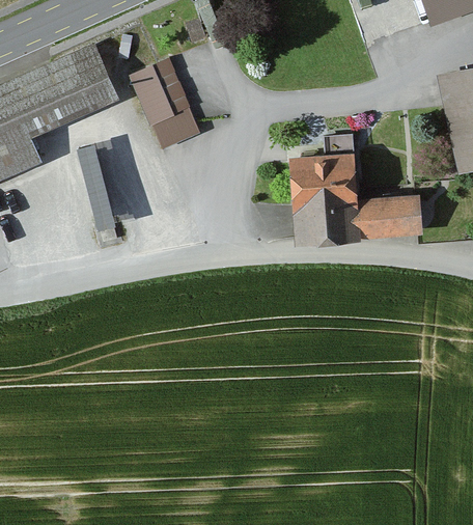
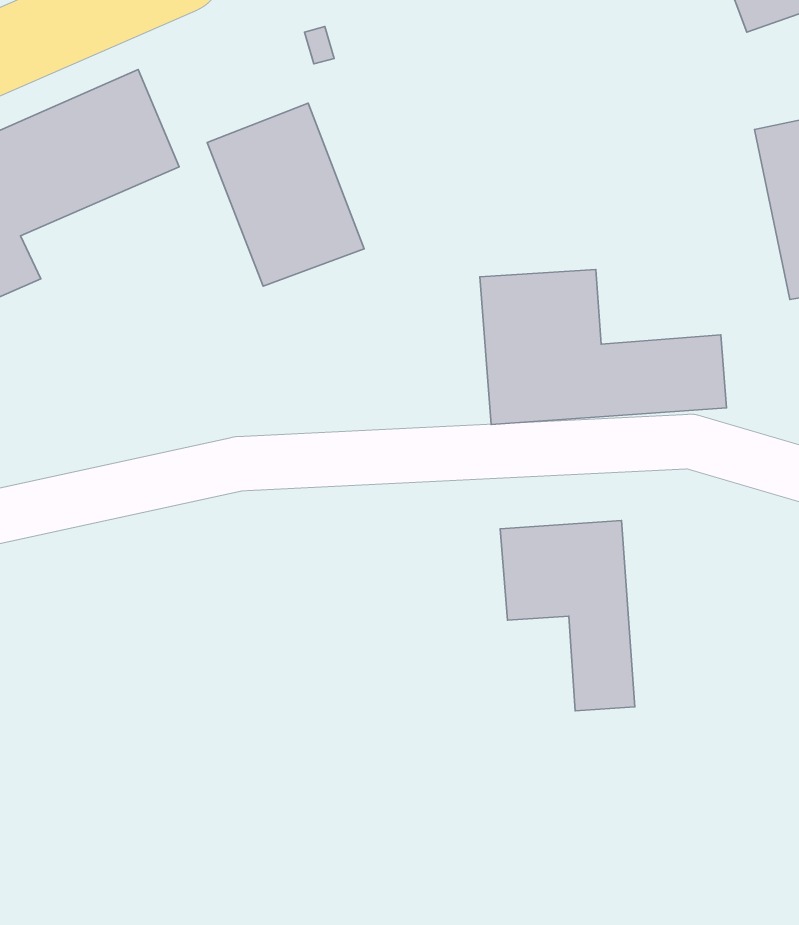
building: [79,138,117,225] -> none
building: none -> [500,521,635,711]

